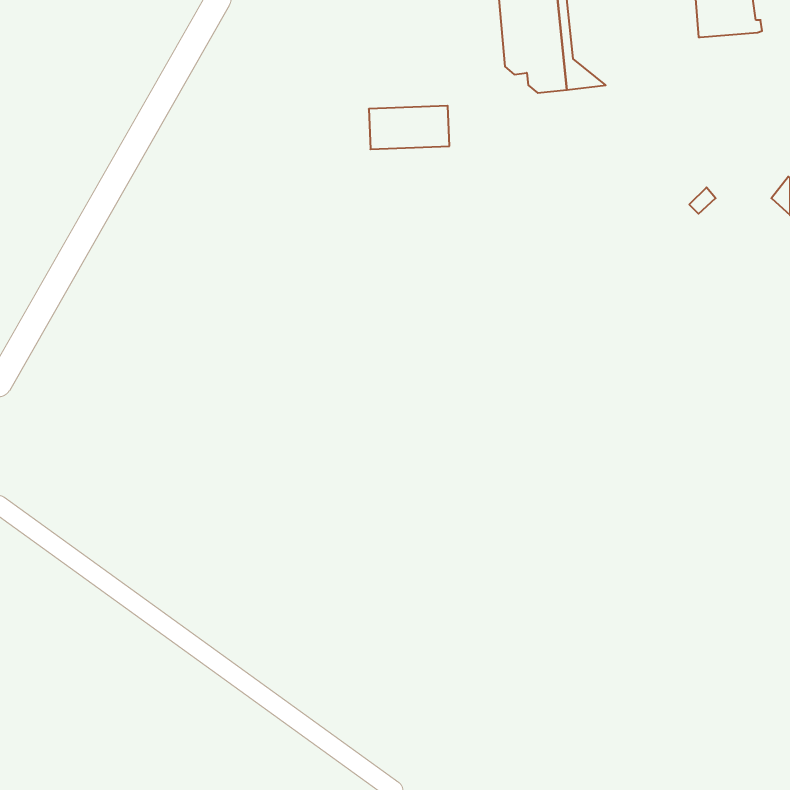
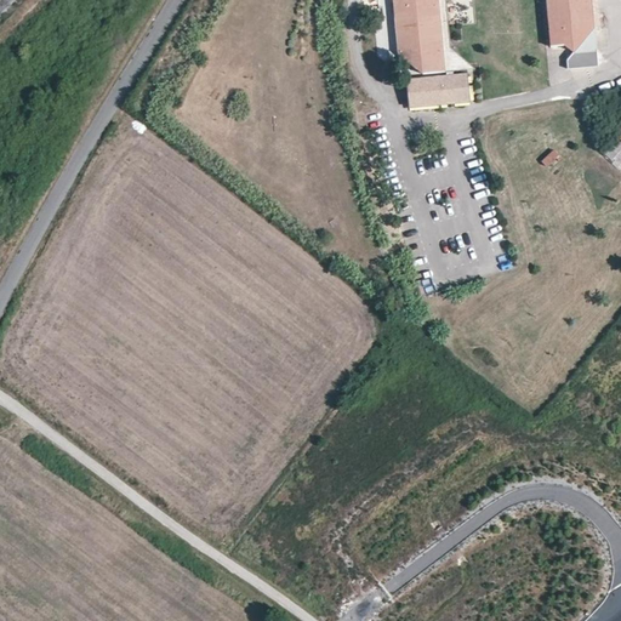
building: none -> [547,25,596,51]
building: [369,106,449,149] -> [406,73,469,107]

